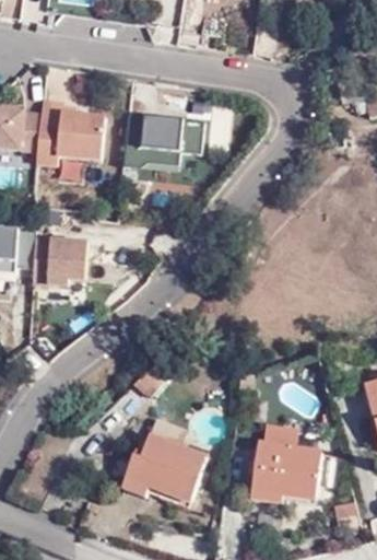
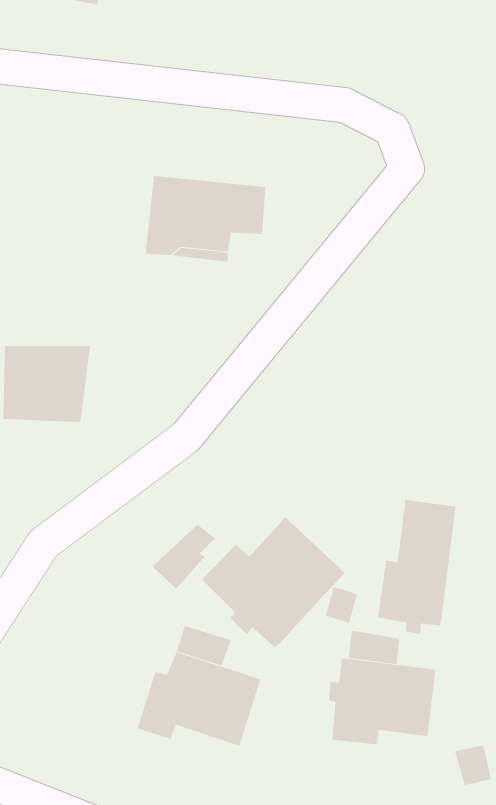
building: [39,105,108,171] -> none
building: none -> [378,499,456,635]
building: none -> [201,516,345,648]

